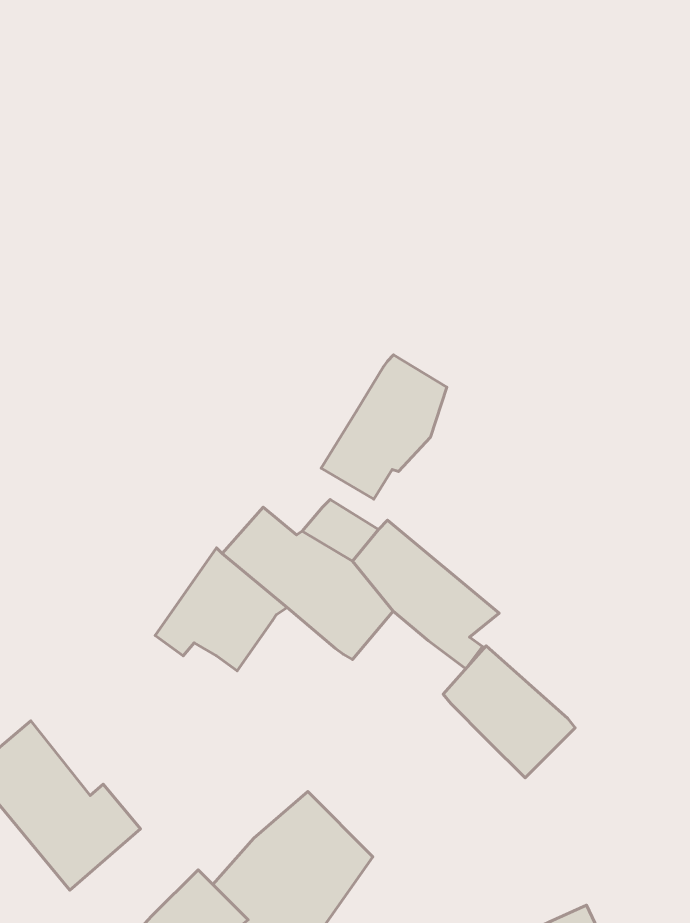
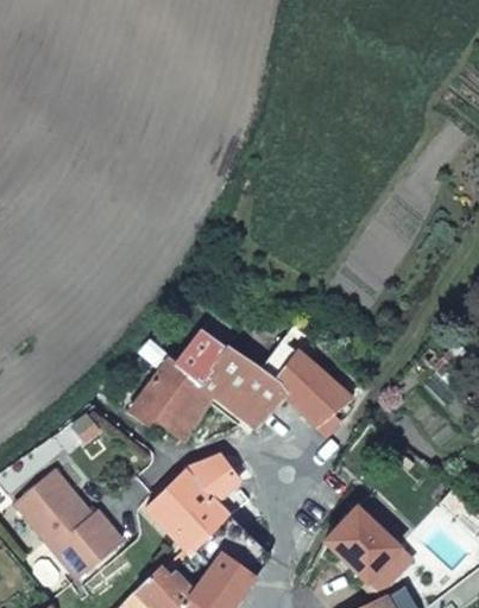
building: [321,355,447,499] -> none
building: [443,646,575,778] -> [327,507,411,591]
building: none -> [145,454,241,543]

